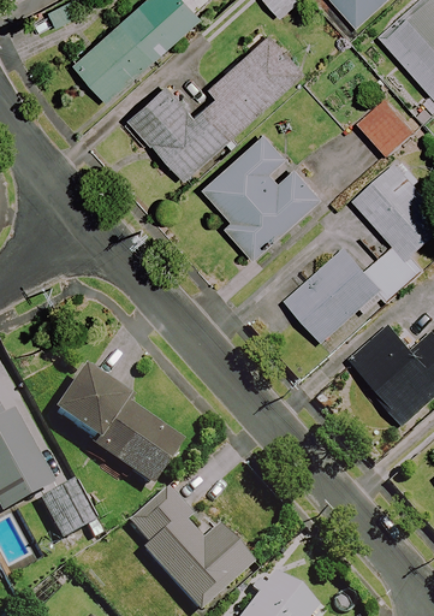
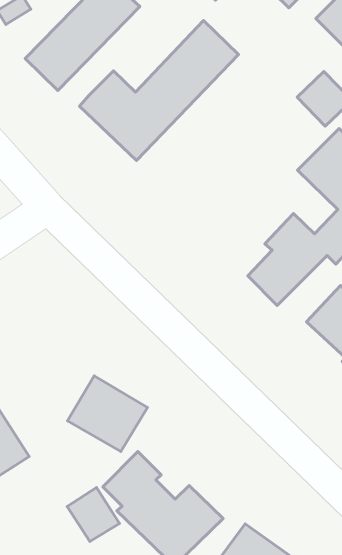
building: [202,132,321,257] -> none
building: [53,367,130,444] -> none
building: [38,482,93,539] -> [67,487,119,541]

